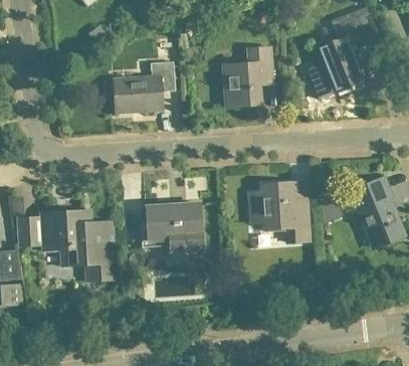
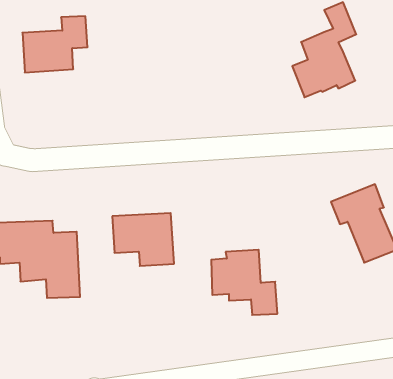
building: [221,48,271,107] -> none
building: [115,62,174,114] -> [22,16,88,72]
building: [249,182,310,241] -> [211,250,277,315]

